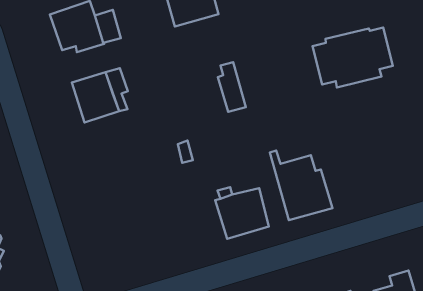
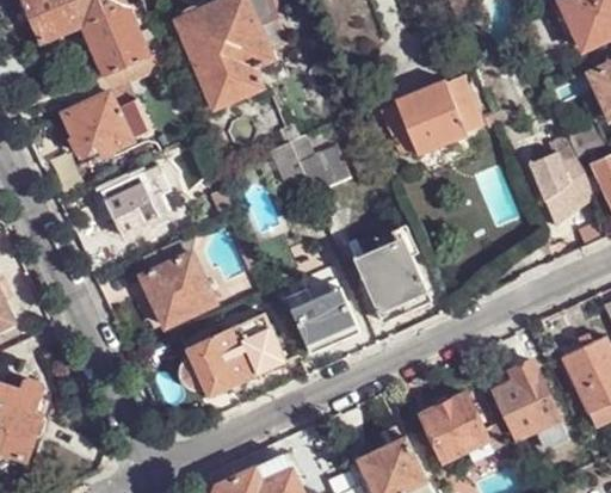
building: none -> [289,133,350,192]
building: none -> [141,232,215,325]
building: none -> [179,312,285,396]

